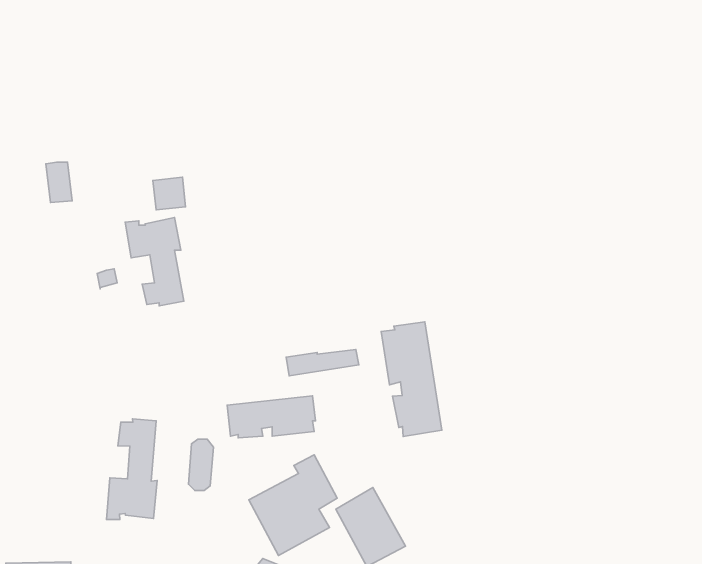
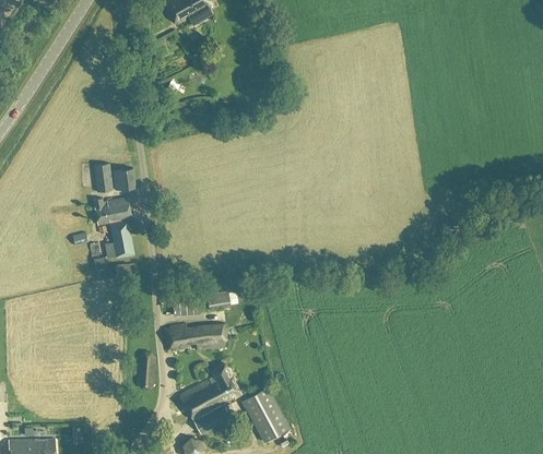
building: [46,162,72,202] -> [93,164,111,192]
building: [381,322,442,436] -> none
building: [106,419,157,520] -> none

